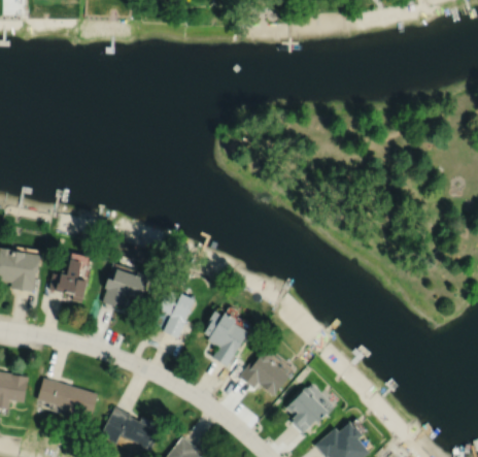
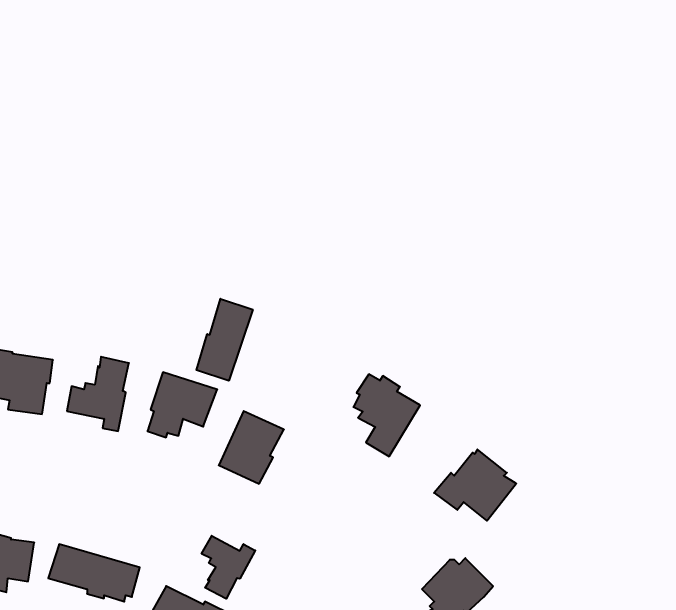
building: none -> [196,299,253,381]
building: [204,312,248,366] -> [353,374,420,456]
building: [239,348,294,395] -> [434,449,516,521]
building: none -> [202,536,255,599]

